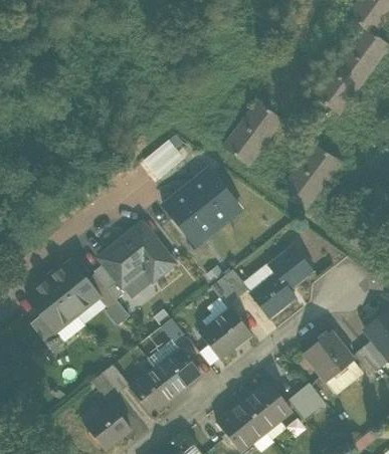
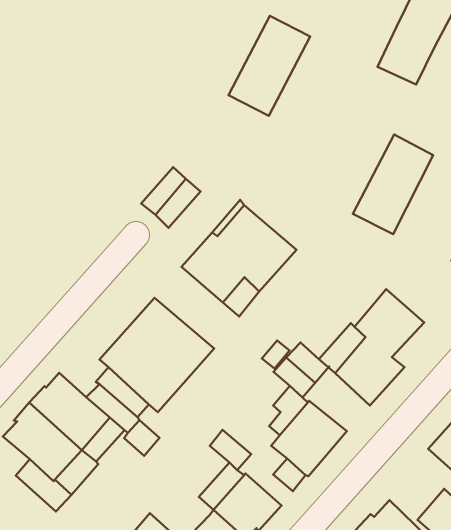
building: [223,99,283,165] -> [228,16,310,116]

